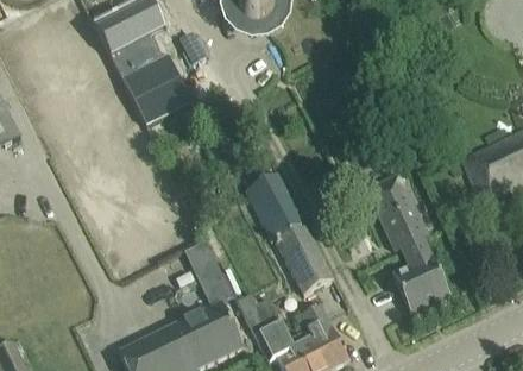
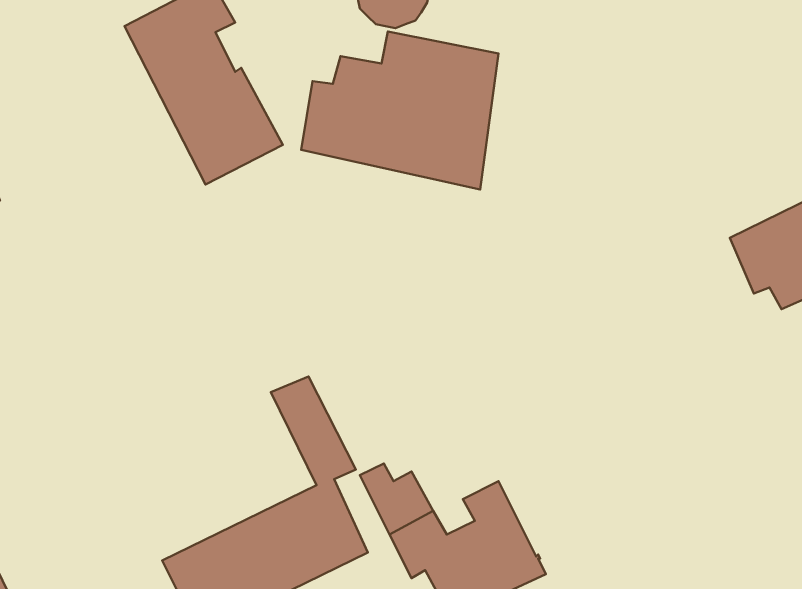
building: none -> [301,31,499,190]
building: [367,171,450,314] -> none
building: [248,172,334,295] -> none

